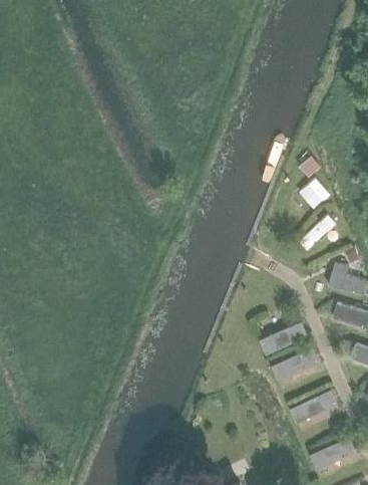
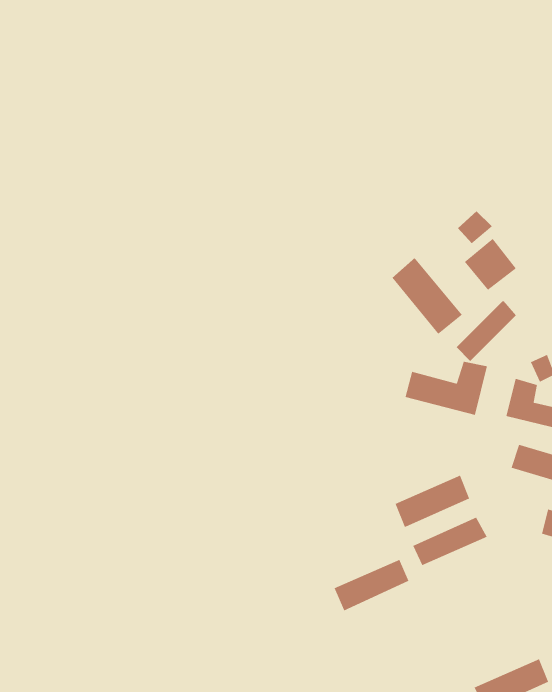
building: none -> [392,257,463,335]
building: none -> [404,361,488,416]
building: [290,391,337,424] -> [334,559,409,612]

